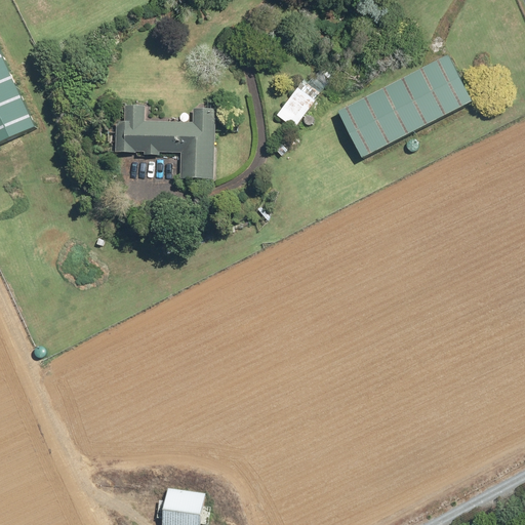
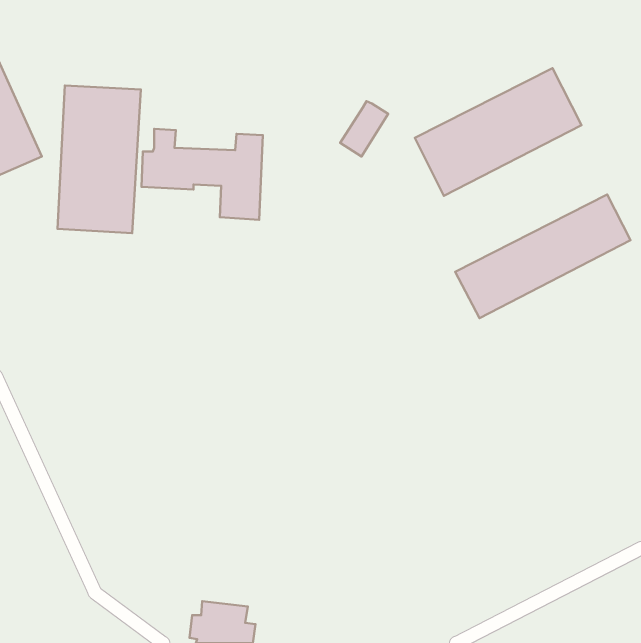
building: none -> [57,85,141,233]
building: none -> [455,195,630,318]

